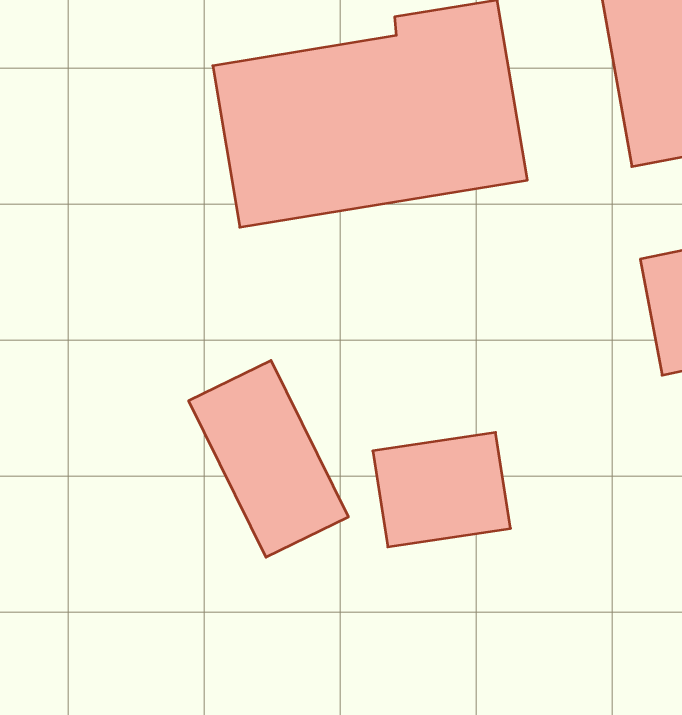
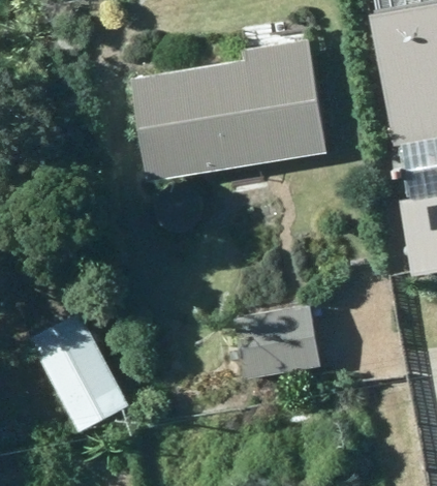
building: [189,360,348,557] -> [30,309,128,430]

